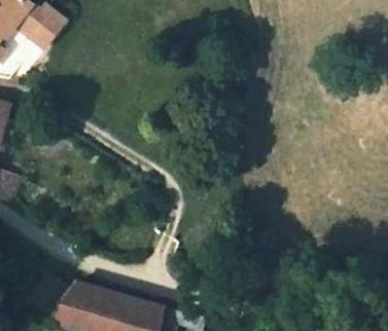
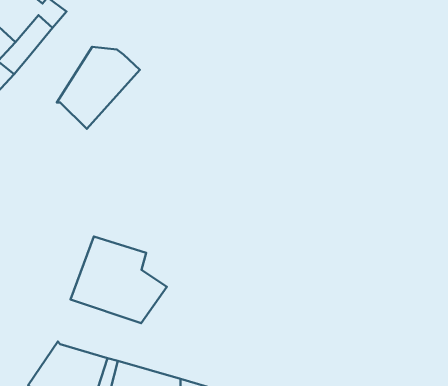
building: none -> [57,47,140,129]
building: none -> [71,237,167,323]

